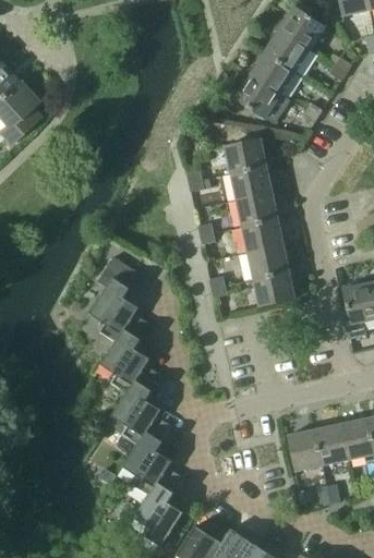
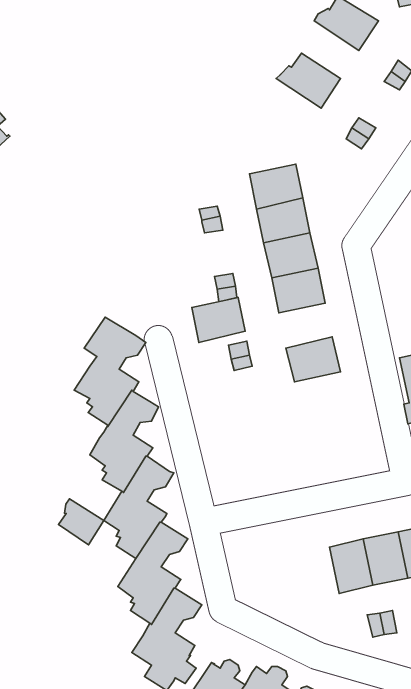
building: [266,27,311,72] -> none
building: [236,72,290,125] -> none
building: [249,246,290,281] -> [192,298,245,343]
building: none -> [59,499,104,545]

